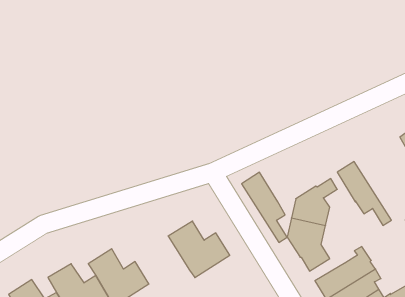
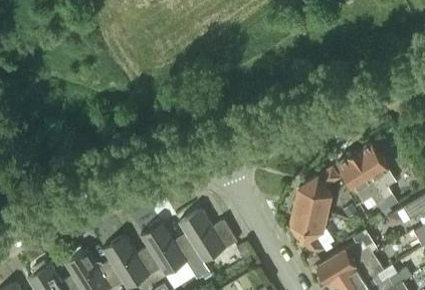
building: [242,172,287,242] -> [354,142,397,209]
building: none -> [140,223,198,276]

